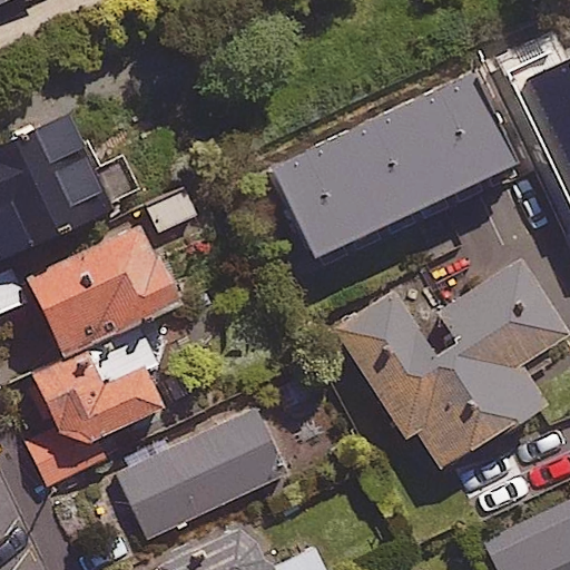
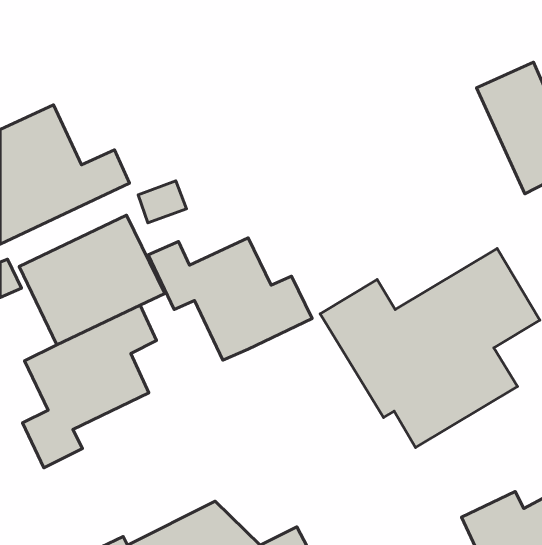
building: [269,75,511,256] -> none
building: none -> [148,238,312,360]
building: [121,410,287,538] -> none

